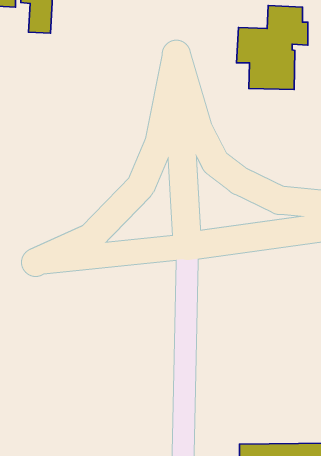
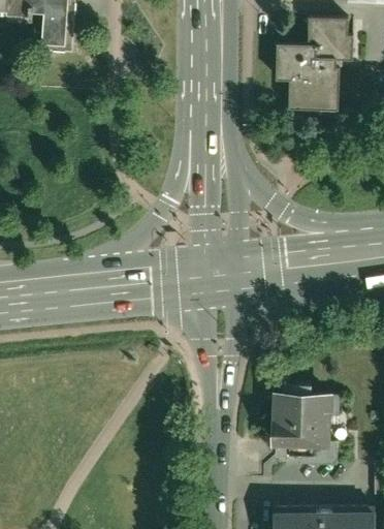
building: none -> [276,387,340,461]

